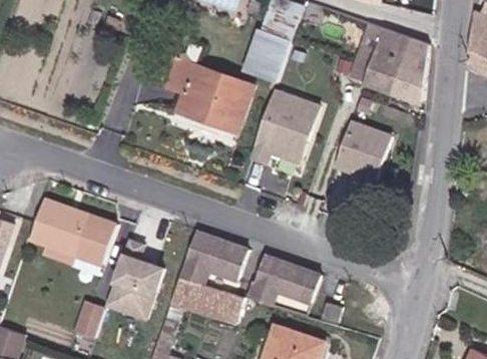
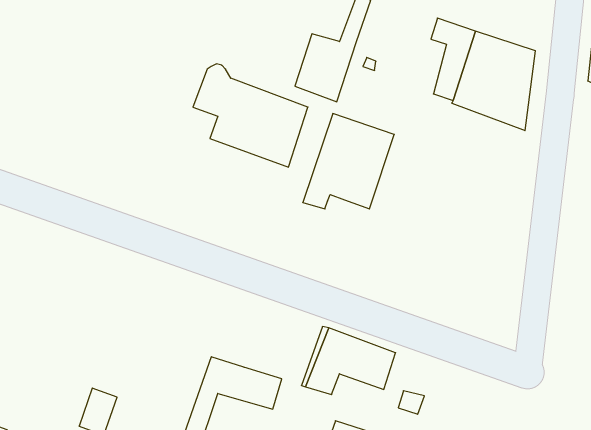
building: [336,122,392,181] -> none
building: [30,201,115,265] -> none
building: [178,232,249,286] -> none
building: [109,246,178,320] -> none

